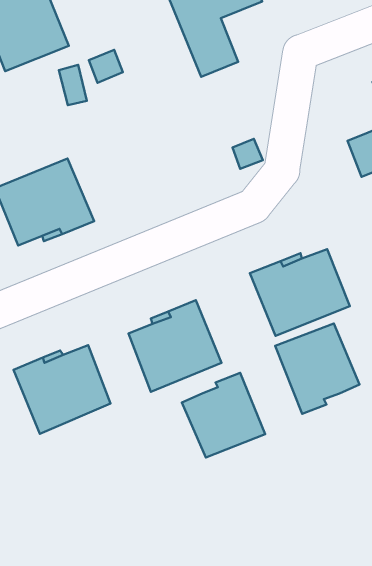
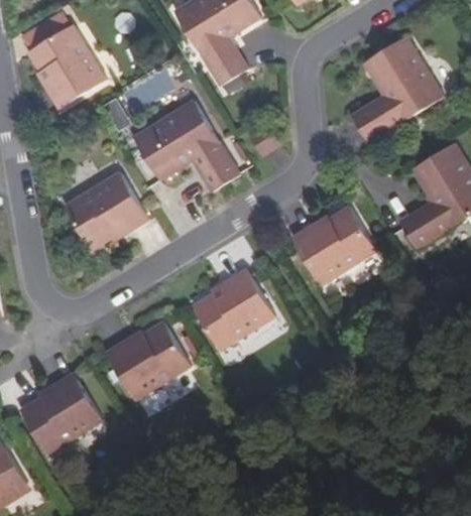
building: none -> [134,101,239,191]
building: [275,324,359,414] -> none
building: [182,373,265,458] -> none

